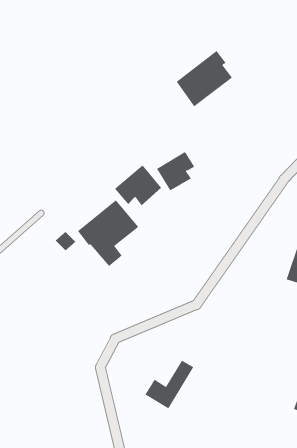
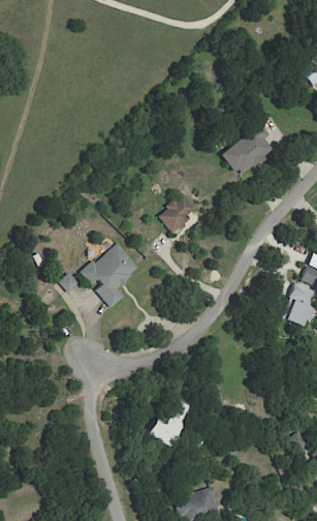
building: [176,50,233,107] -> [222,122,278,178]
building: [114,165,162,206] -> none

